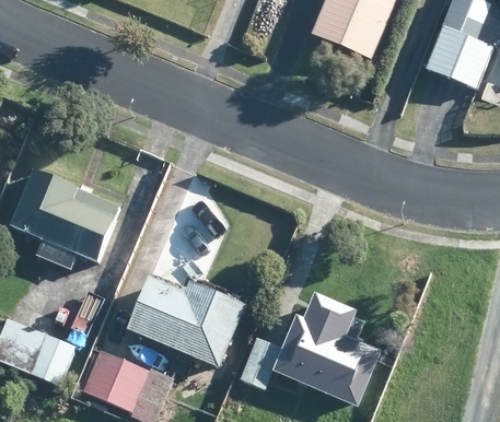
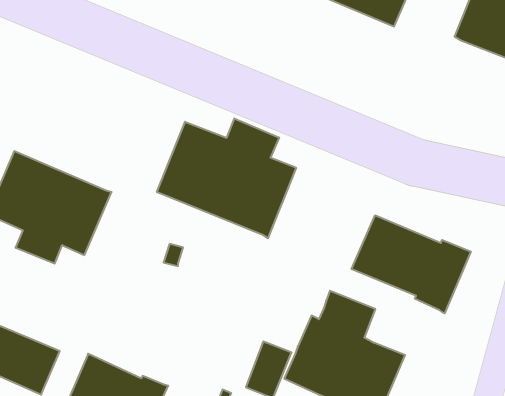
building: none -> [157,118,296,238]
building: none -> [351,215,471,313]
building: [127,276,244,366] -> none

